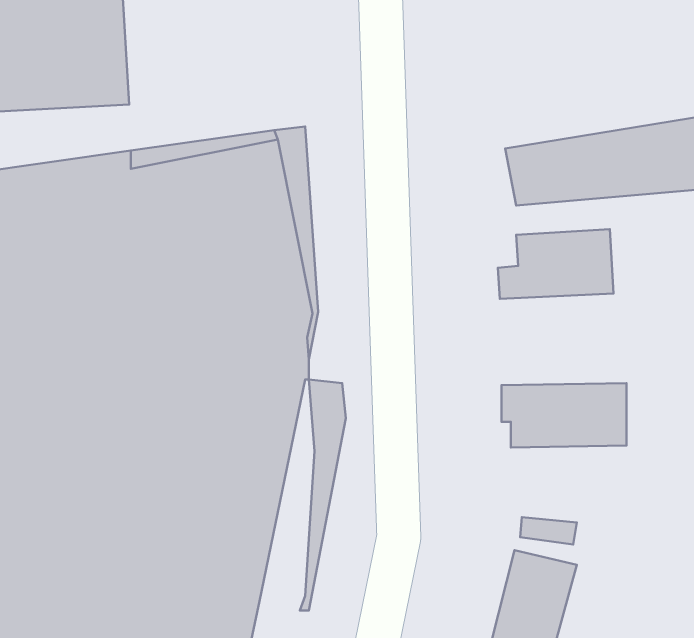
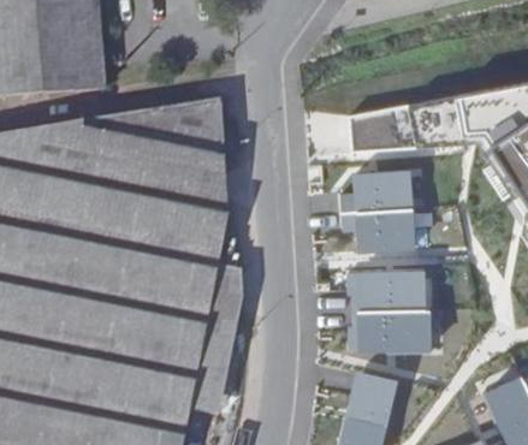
building: none -> [346,212,422,251]
building: none -> [189,268,225,420]
building: none -> [350,312,431,350]

